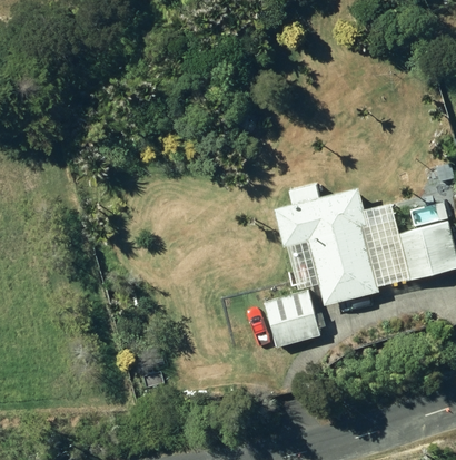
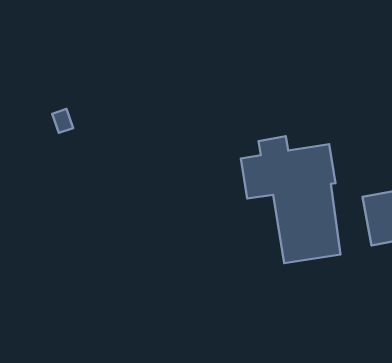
building: [265,291,320,349] -> none

